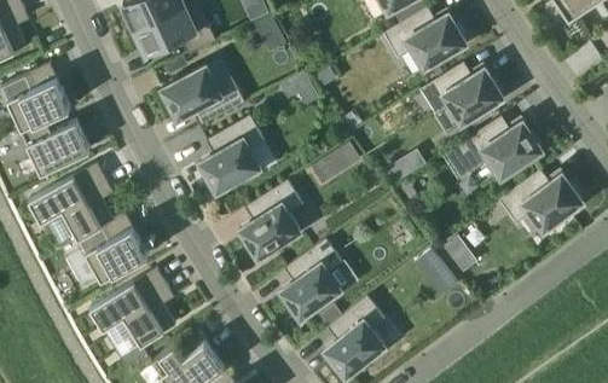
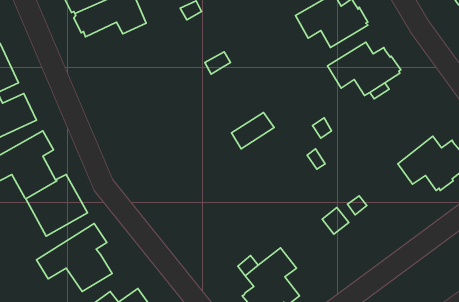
building: [161,66,244,128] -> none
building: [199,116,265,193] -> none
building: [444,117,543,181] -> none
building: [239,181,303,260] -> none
building: [280,240,343,320] -> none

